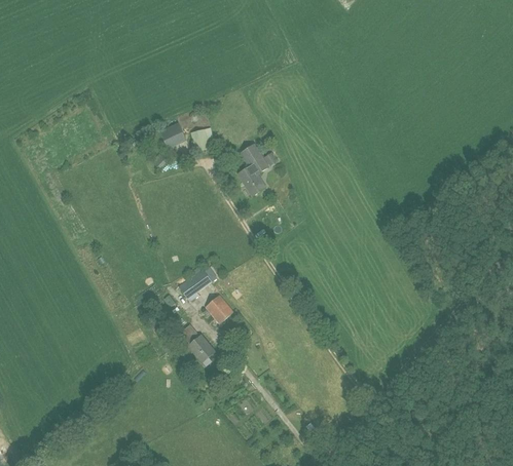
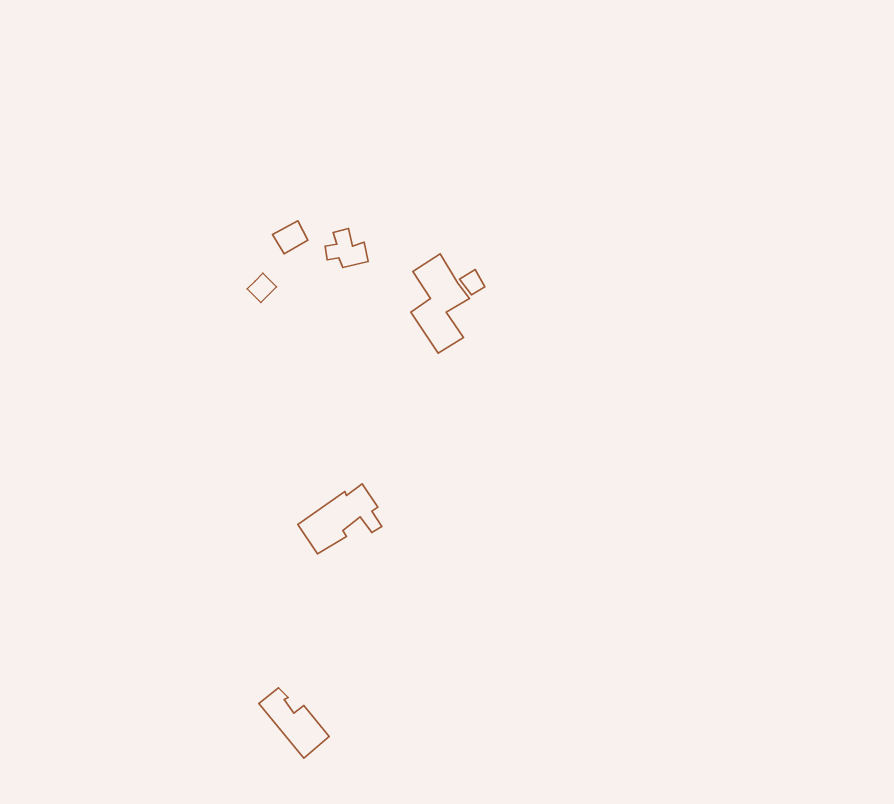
building: [203,294,231,322] -> none
building: [177,325,214,362] -> [259,688,329,758]

